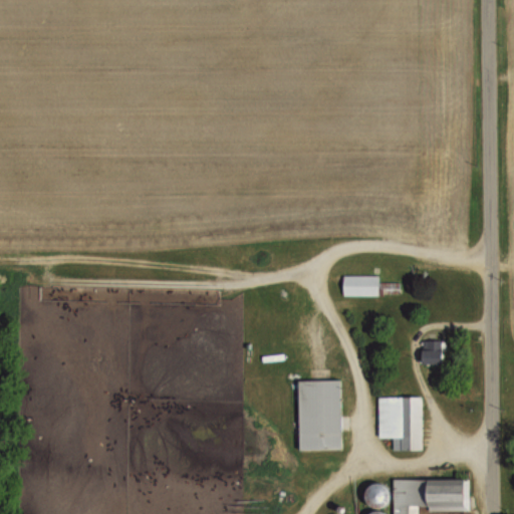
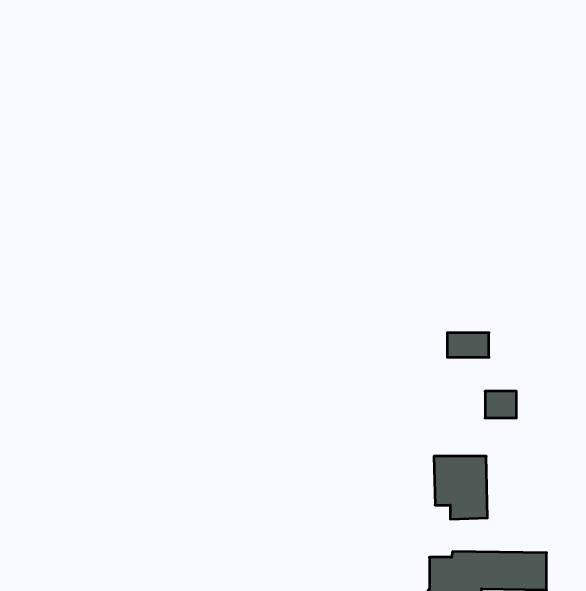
building: [344,274,380,295] -> [447,333,489,357]
building: [298,380,340,451] -> none

